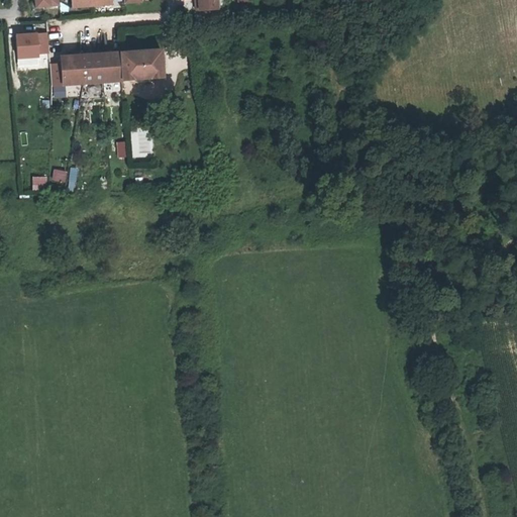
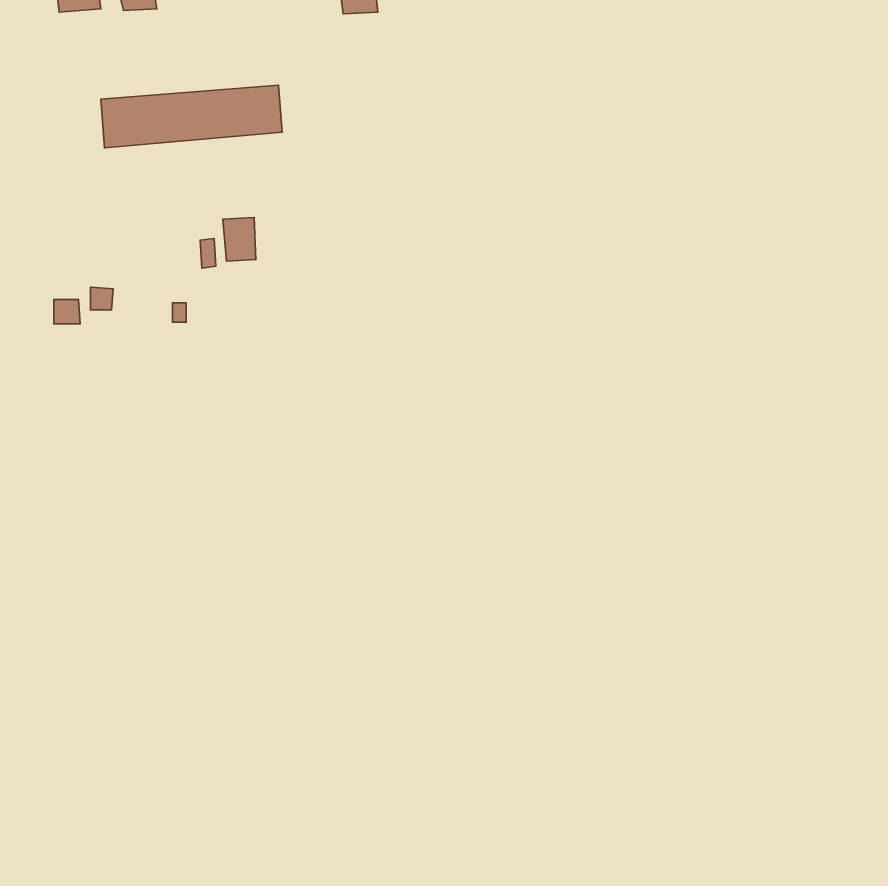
building: [14,33,47,58] -> none

